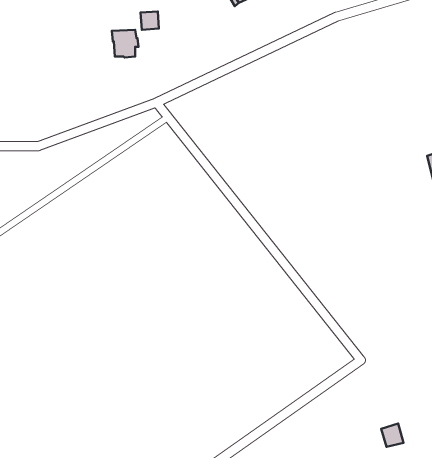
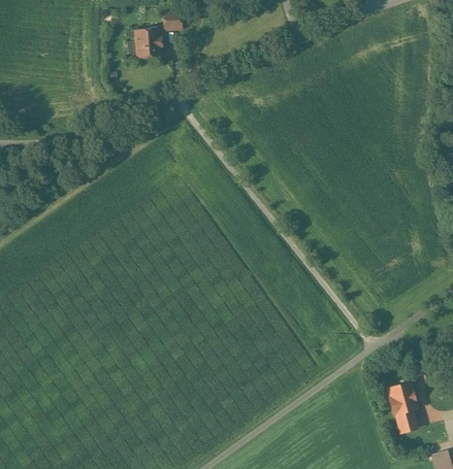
building: none -> [390,383,418,414]

